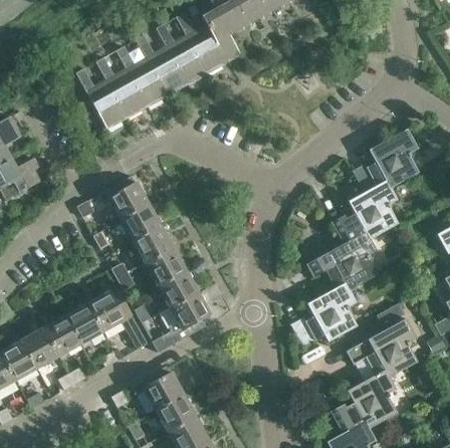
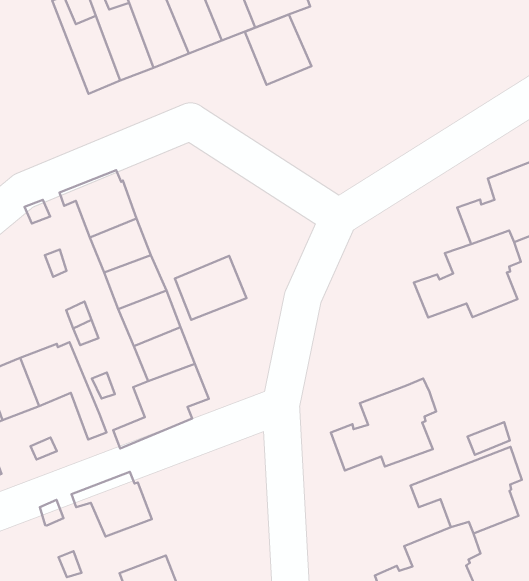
building: none -> [245,15,312,85]
building: none -> [175,256,247,320]
building: [306,231,377,290] -> none
building: [156,395,196,432] -> none

